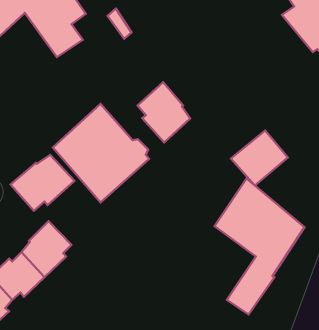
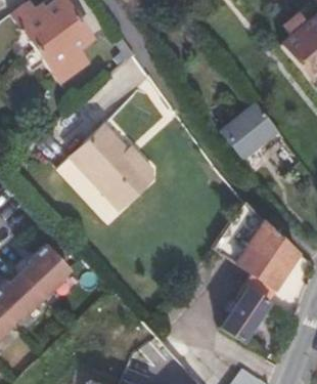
building: [137,82,190,143] -> none
building: [231,131,288,185] -> [224,103,280,158]
building: [11,155,75,211] -> none

